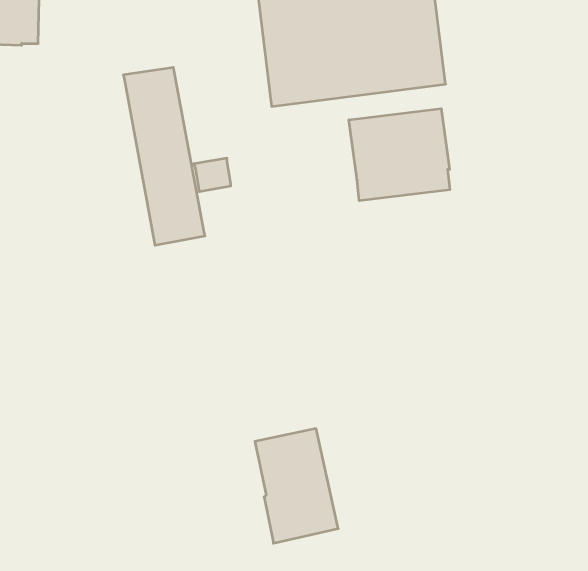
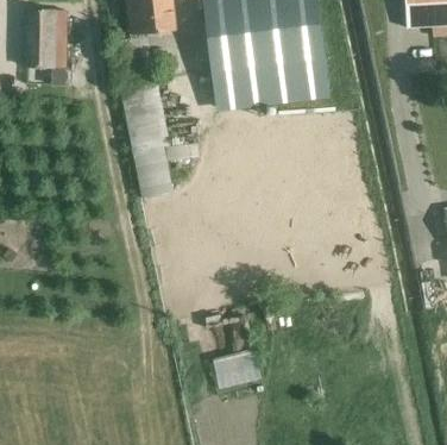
building: [349,109,450,201] -> none

